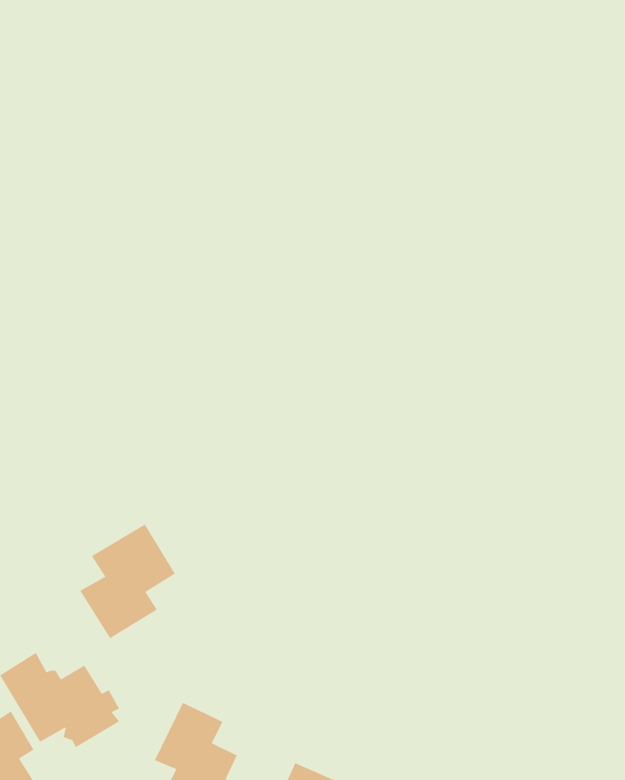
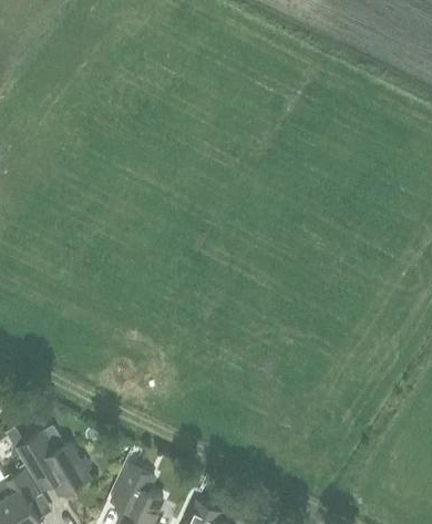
building: [79,524,176,639] -> none

